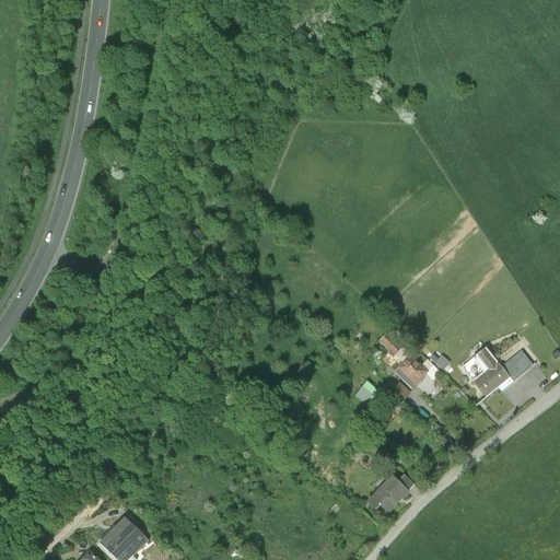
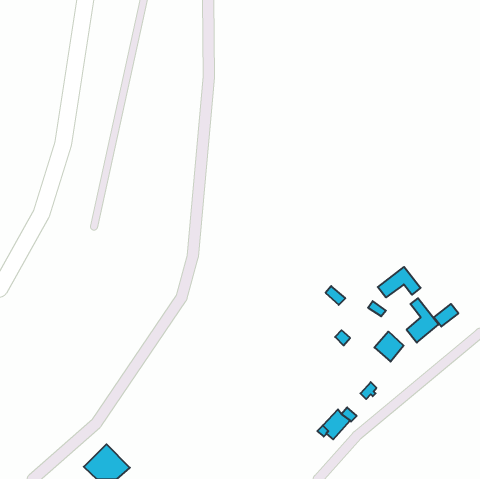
building: none -> [378,267,421,297]
building: [393,353,427,388] -> [374,332,404,362]

